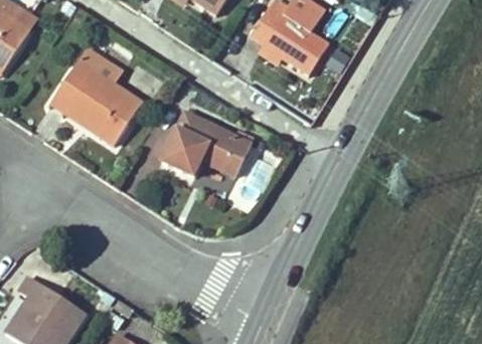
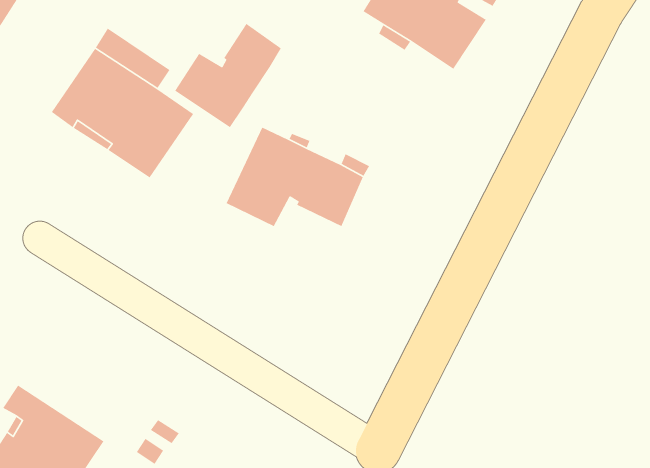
building: none -> [174,23,282,128]

